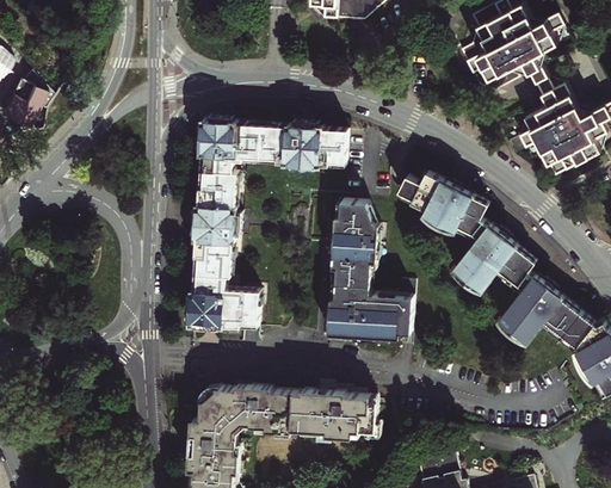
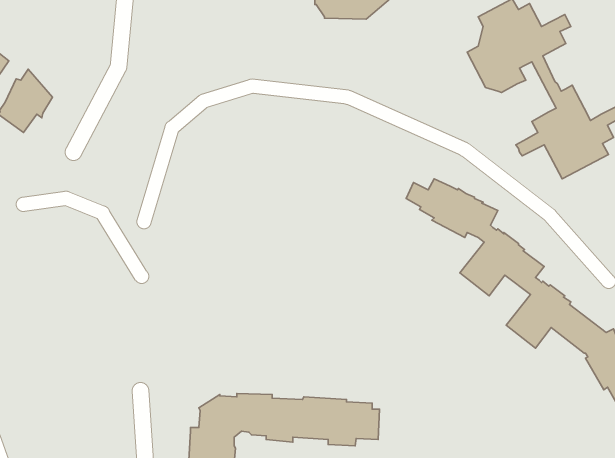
building: [185,117,345,331] -> none
building: [332,199,402,335] -> none

